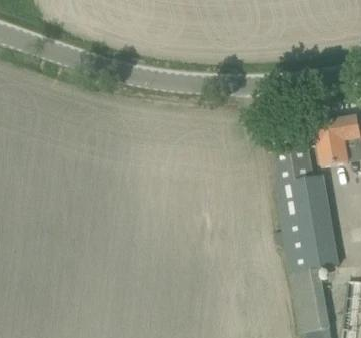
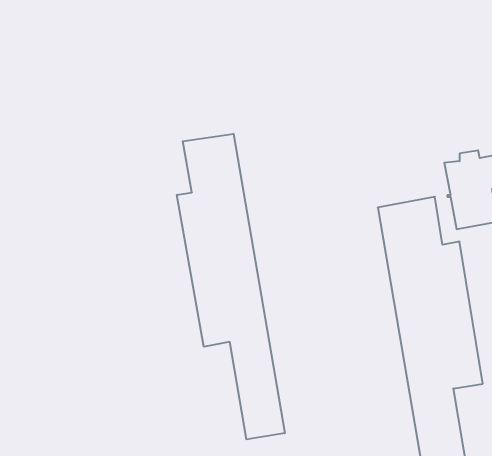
building: none -> [177,134,285,439]

